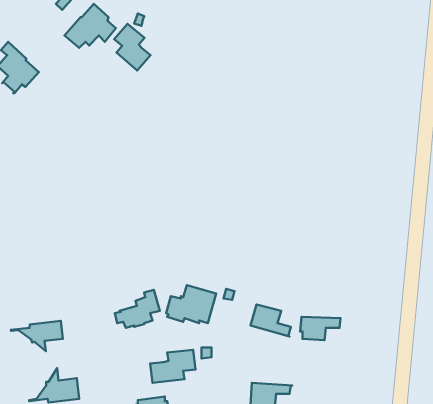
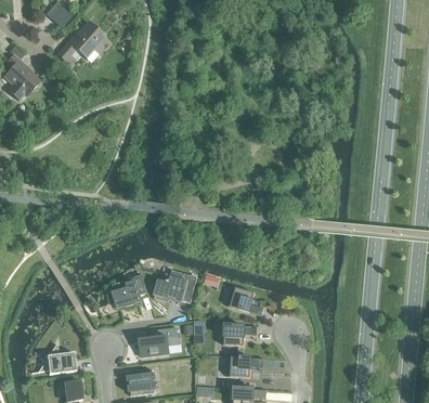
building: [114,24,150,70] -> none
building: [300,317,341,340] -> [221,325,257,346]
building: [11,321,63,351] -> none

